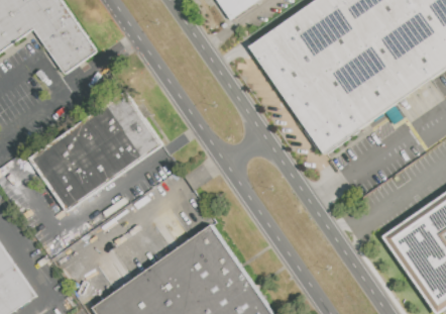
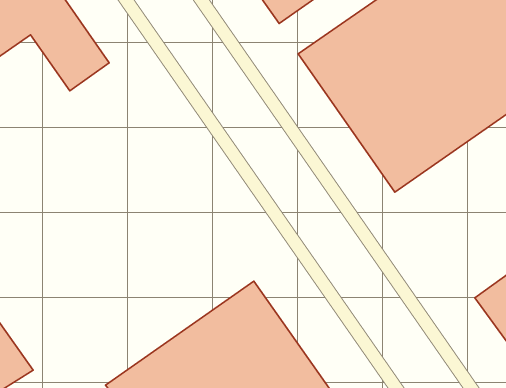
building: [28,92,161,212] -> none

